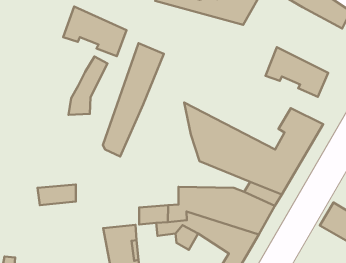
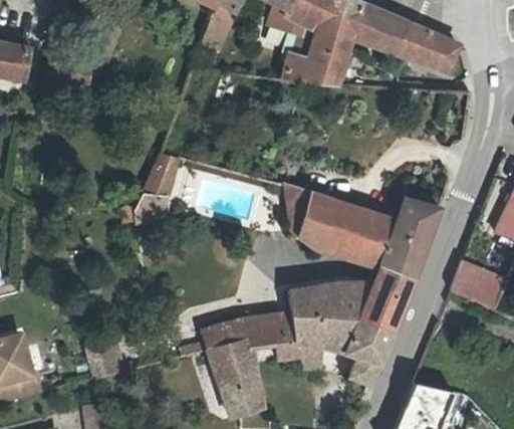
building: [63,6,127,56] -> none
building: [103,43,164,157] -> none
building: [265,47,328,97] -> none
building: [38,185,76,205] -> [198,317,246,349]

